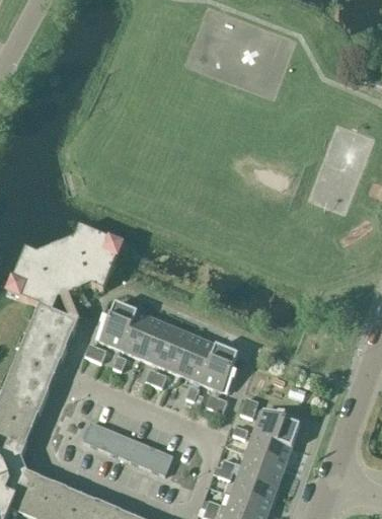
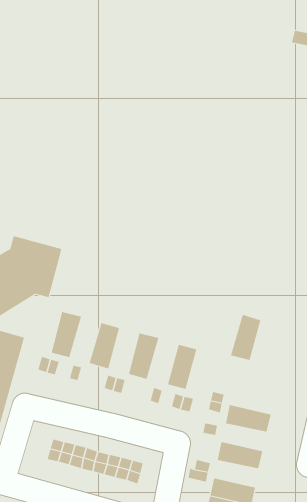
building: [117,309,150,354] -> none
building: [152,324,184,369] -> none
building: [186,339,220,383] -> [230,314,261,361]
building: [248,427,293,457] -> none
building: [237,460,281,491] -> none

